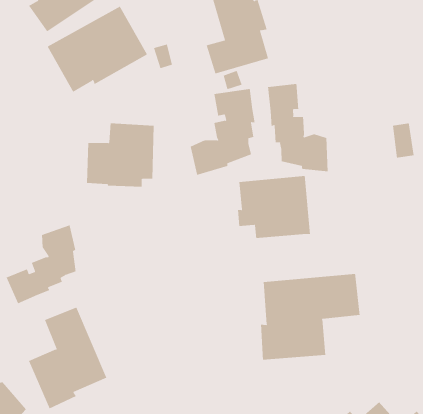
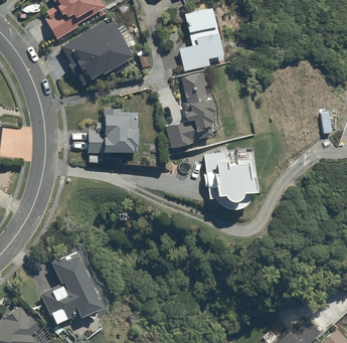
building: [267,83,328,172] -> none
building: [6,224,76,304] -> none
building: [261,273,360,361] -> none

